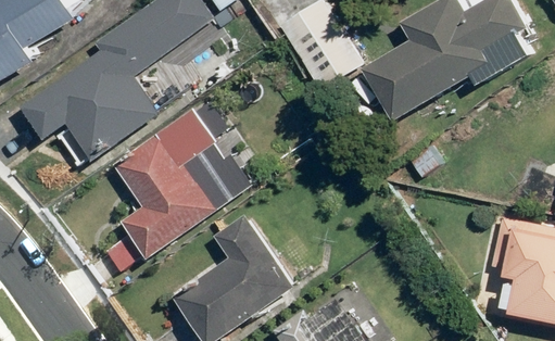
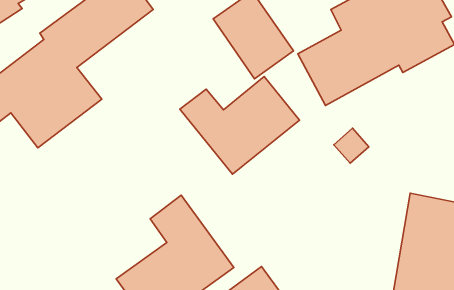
building: none -> [180,77,299,174]
building: [103,103,230,270] -> none

